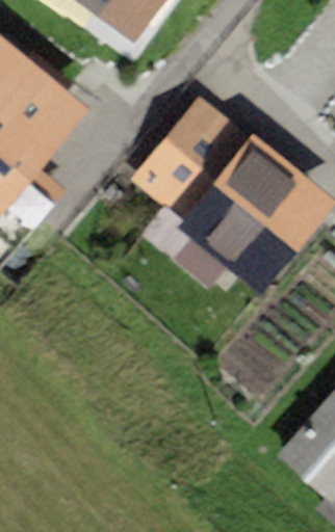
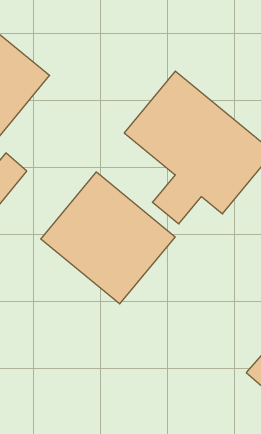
building: none -> [41,172,175,304]

